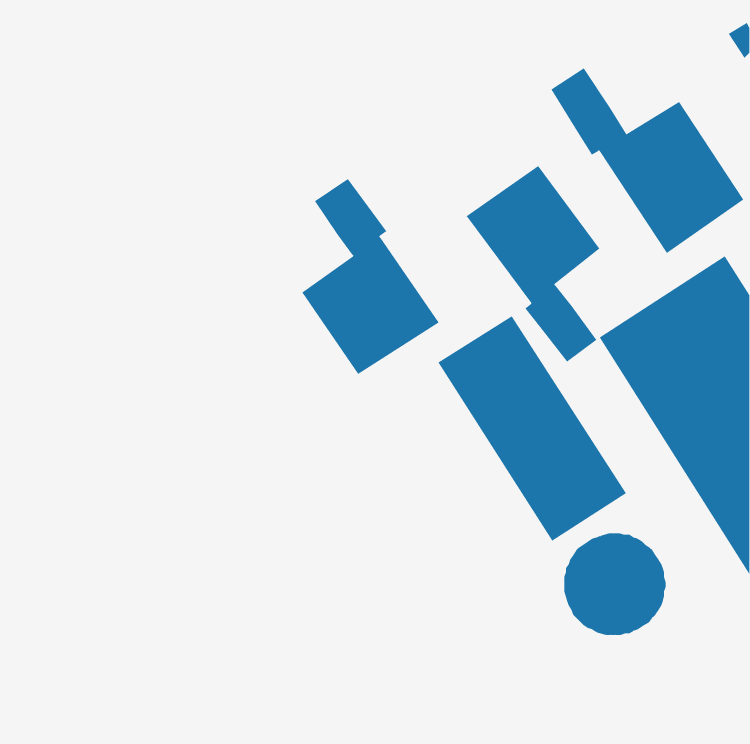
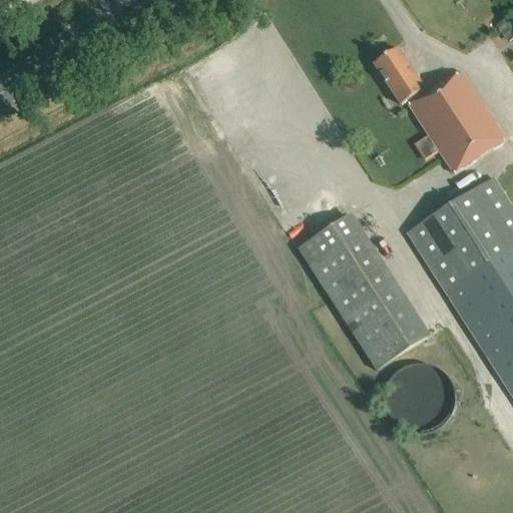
building: [466,165,600,362] -> none
building: [301,178,439,375] -> none

